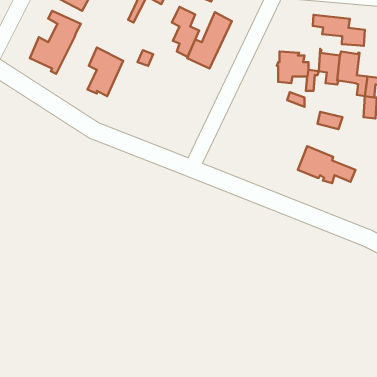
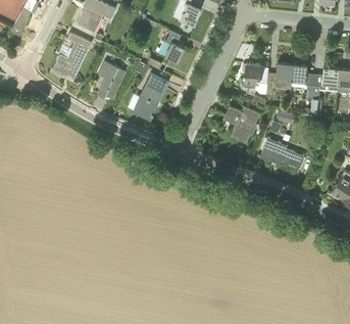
building: [187,12,232,69] -> [133,75,167,119]
building: [313,15,365,46] -> none
building: none -> [226,104,261,143]

